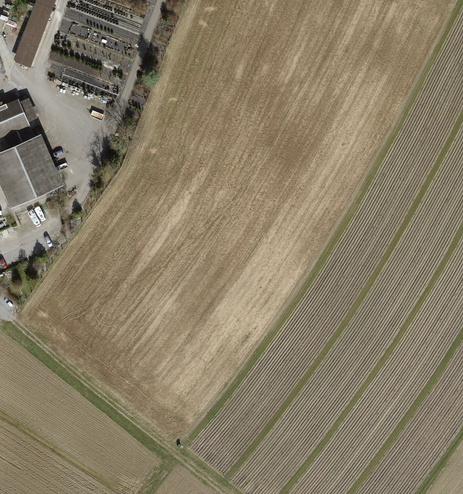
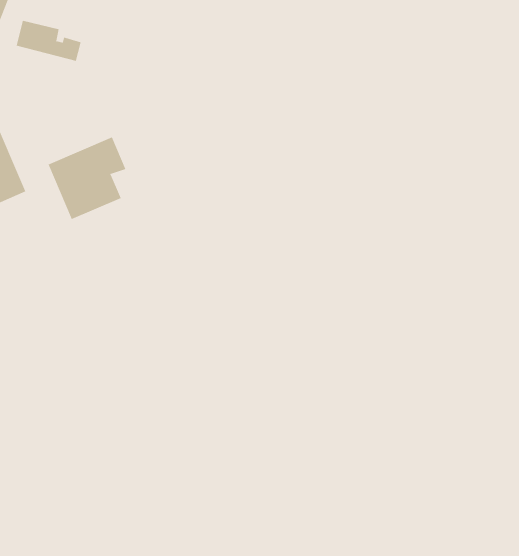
building: none -> [48,137,126,220]

